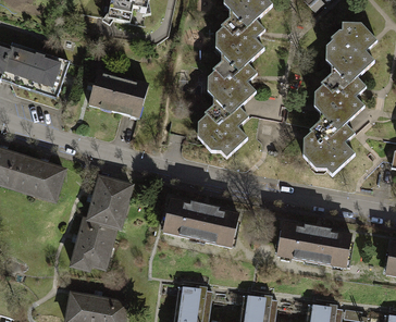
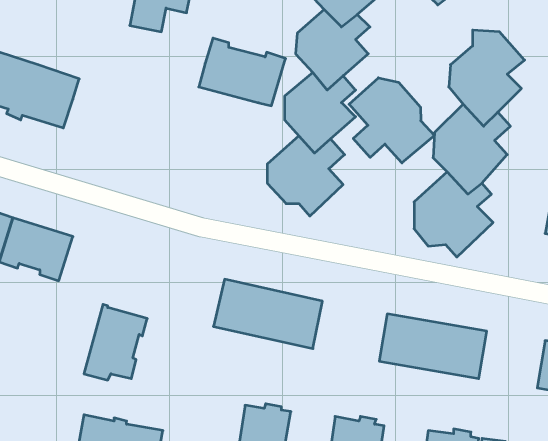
building: none -> [349,78,434,163]
building: [87,70,147,116] -> [199,38,286,106]
building: [88,175,132,226] -> none

